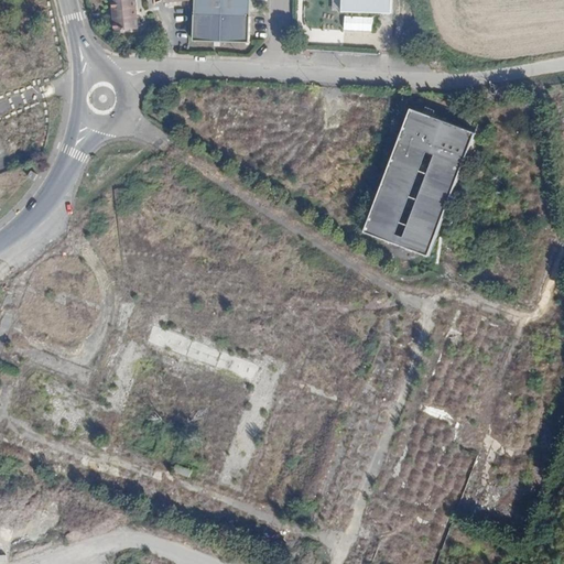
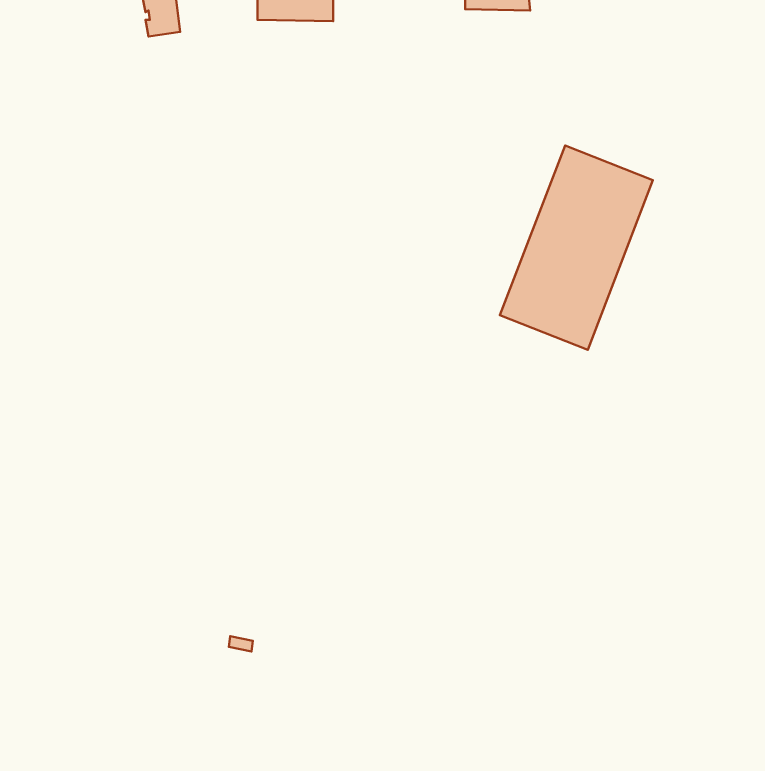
building: [186,14,242,43] -> none

